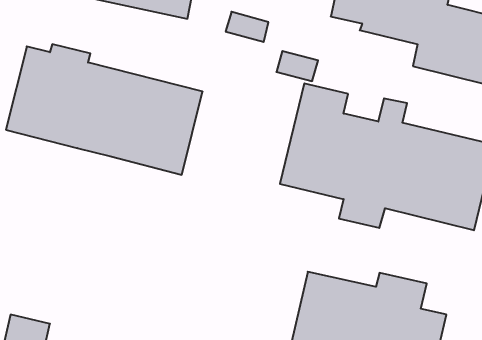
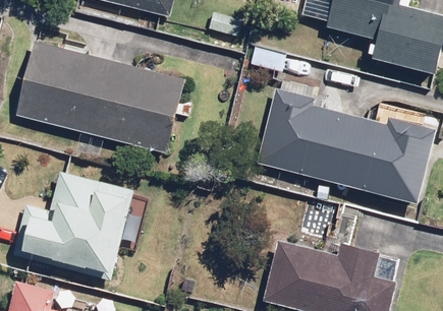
building: none -> [10,171,133,281]

